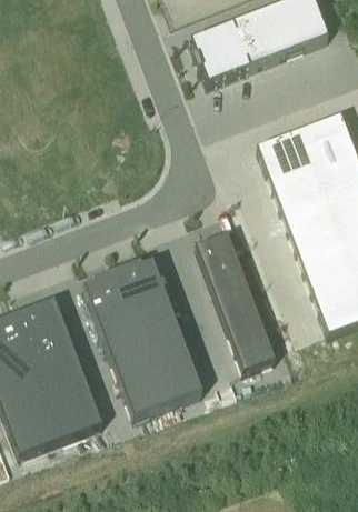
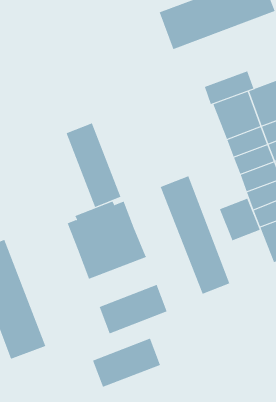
building: none -> [204,70,254,105]
building: none -> [66,122,121,208]
building: none -> [219,198,261,241]
building: [11,288,101,430] -> none
building: [110,324,191,383] -> [92,338,161,388]

